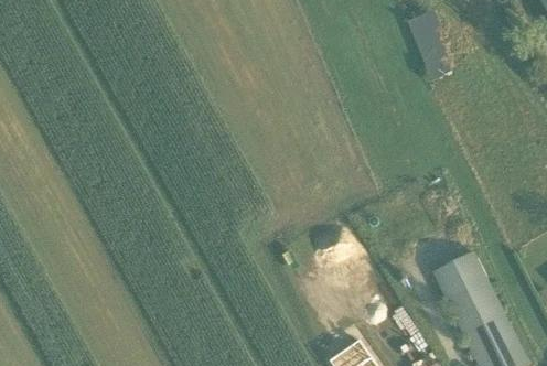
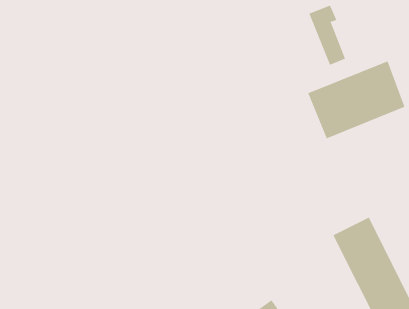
building: none -> [308,60,405,139]

